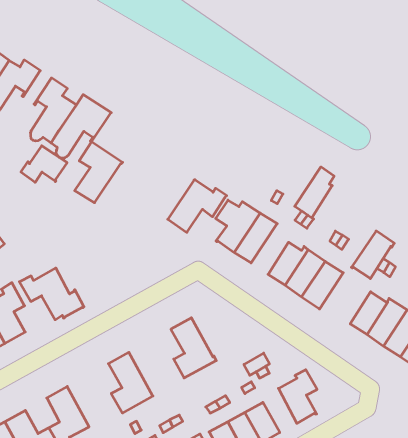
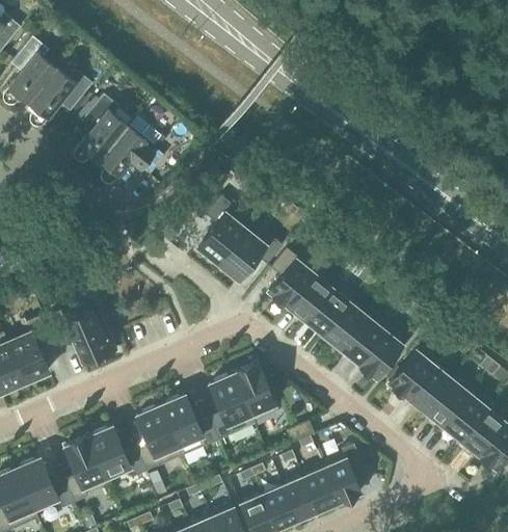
building: [75,142,123,203] -> [195,196,251,264]
building: [21,146,67,182] -> none
building: [295,167,334,218] -> [303,281,350,336]
building: [351,231,394,279] -> [386,347,436,399]
building: none -> [232,365,275,421]
building: none -> [159,396,217,457]
building: none -> [87,427,145,484]
building: none -> [299,462,337,511]

